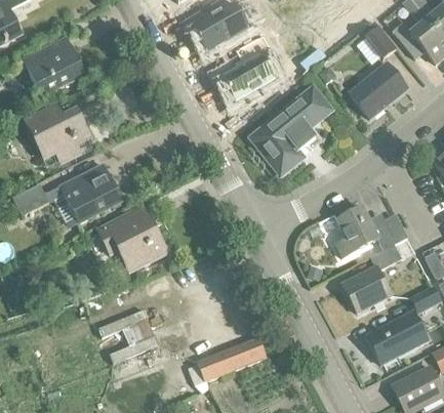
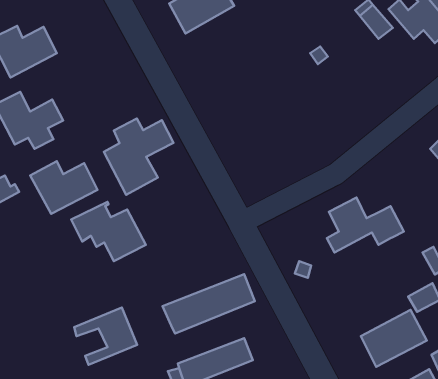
building: [220,35,280,105] -> none
building: [349,63,406,118] -> none
building: [250,87,330,174] -> none
building: none -> [104,119,174,195]
building: [341,244,401,313] -> none
building: none -> [163,274,255,333]

